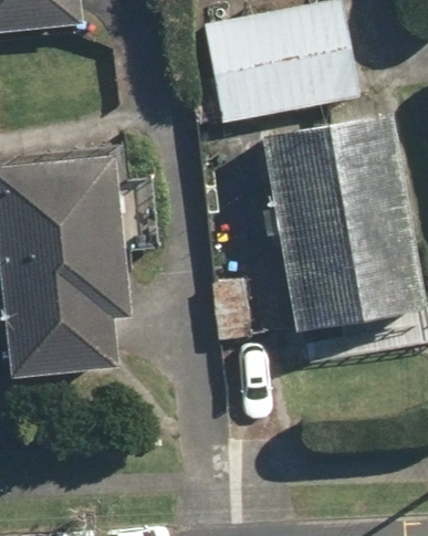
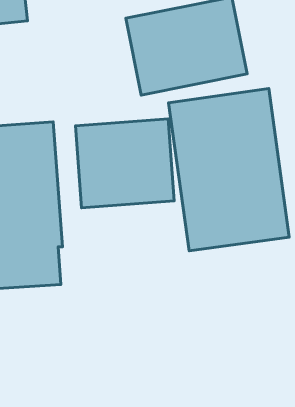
building: none -> [75,119,174,208]

